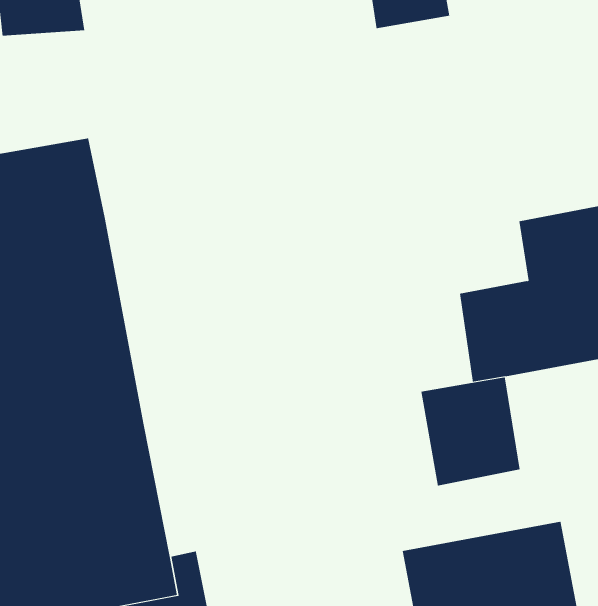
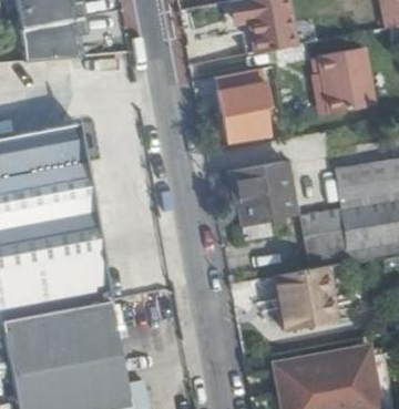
building: none -> [319,45,376,112]
building: none -> [217,65,272,140]
building: none -> [233,159,295,222]

